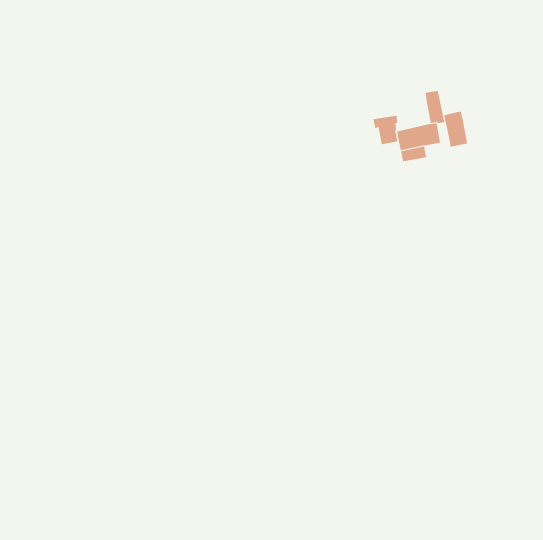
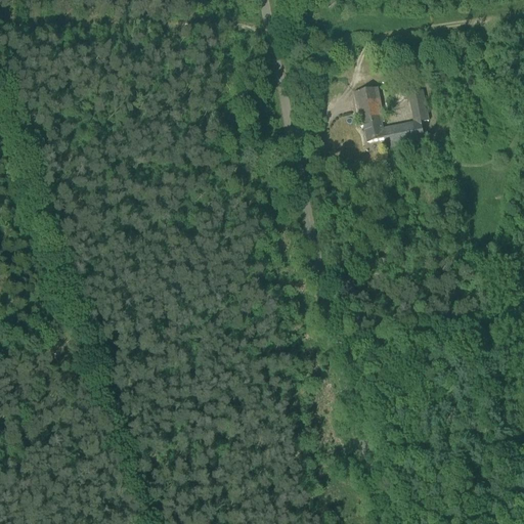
building: none -> [353,85,382,115]
building: [444,111,468,147] -> none

